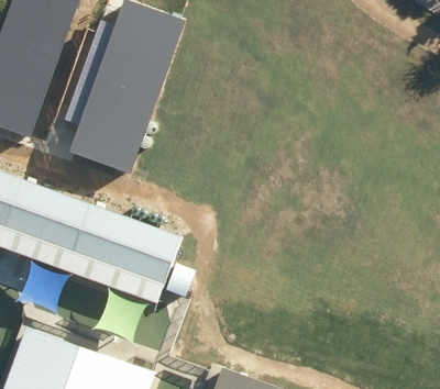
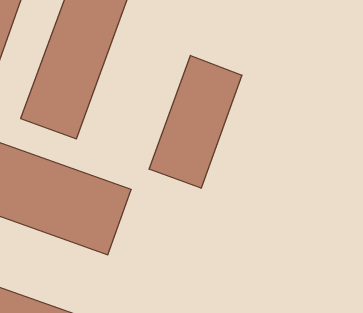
building: none -> [149,55,242,188]

